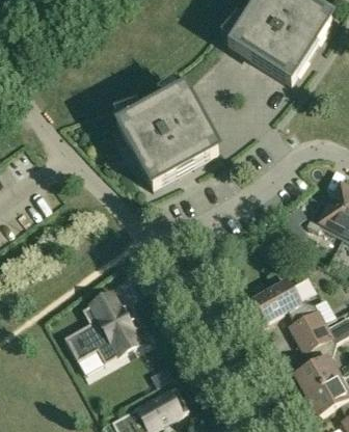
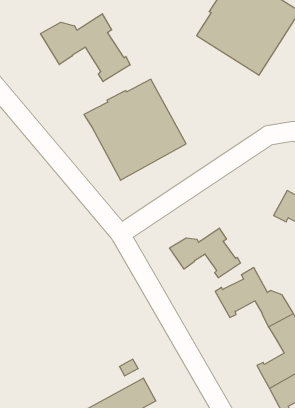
building: none -> [41,14,130,82]
building: none -> [170,228,240,278]
building: [65,290,142,360] -> none

